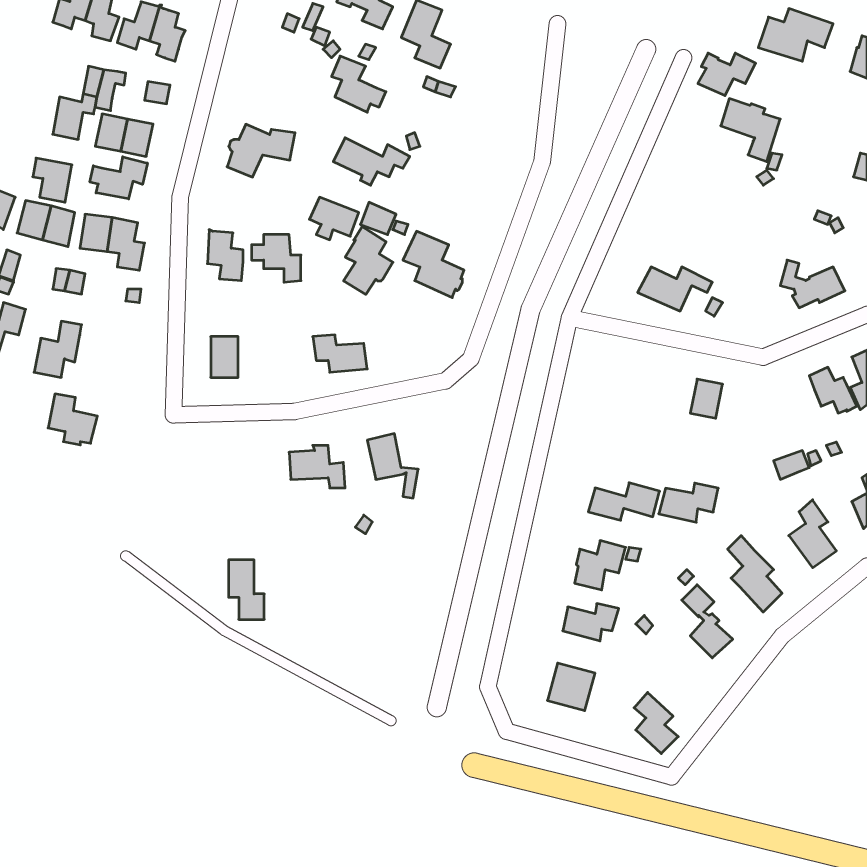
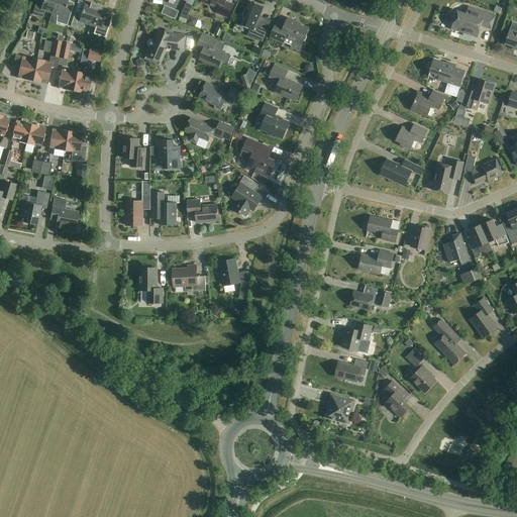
building: none -> [269,17,308,50]
building: [698,53,756,96] -> [410,90,444,115]
building: none -> [269,64,302,100]
building: [227,124,295,177] -> [145,29,186,61]
building: none -> [466,79,494,109]
building: [90,157,147,199] -> none
building: [33,158,72,202] -> [12,54,35,80]
building: none -> [260,102,289,138]
building: none -> [395,123,426,148]
building: [344,226,393,294] -> [232,175,262,215]
building: none -> [431,159,462,193]
building: none -> [151,191,176,224]
building: none -> [367,215,398,241]
building: none -> [467,223,491,256]
building: none -> [442,232,469,264]
building: [48,394,97,445] -> [48,198,78,228]
building: [659,483,718,522] -> [357,250,393,274]
building: [229,560,264,619] -> [140,267,162,302]
building: [634,692,678,754] -> [384,380,410,416]

